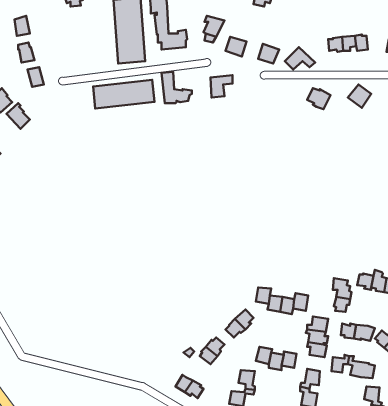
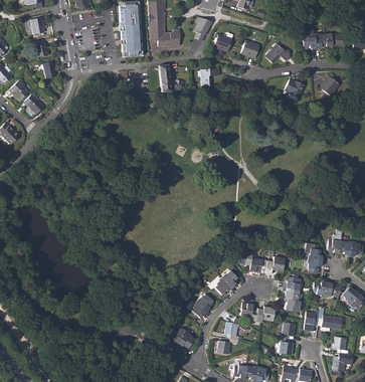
building: [93,80,155,109] -> none

